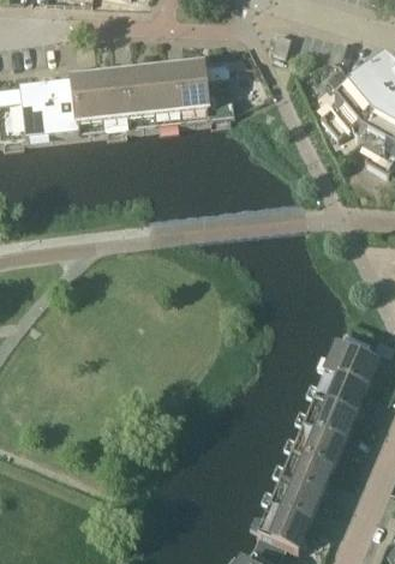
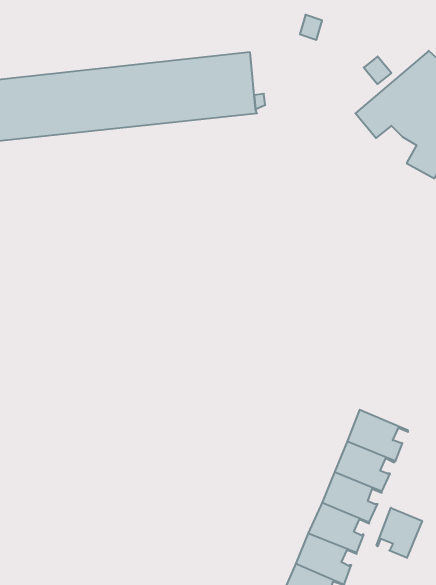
building: [324,332,373,391] -> none
building: none -> [377,508,422,558]

